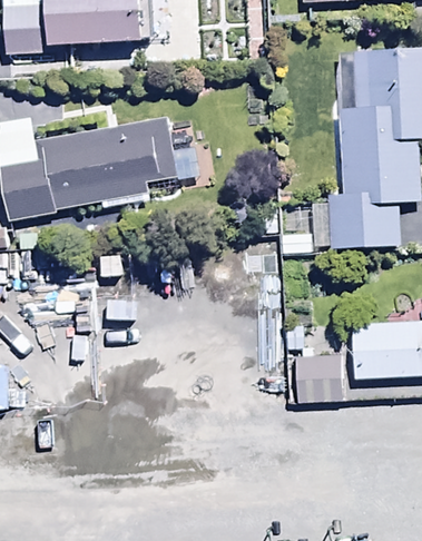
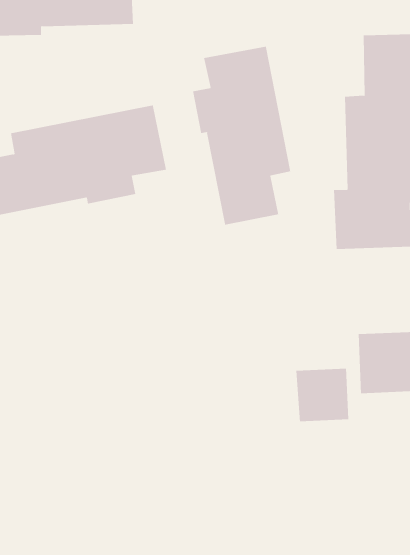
building: none -> [192,46,291,225]

